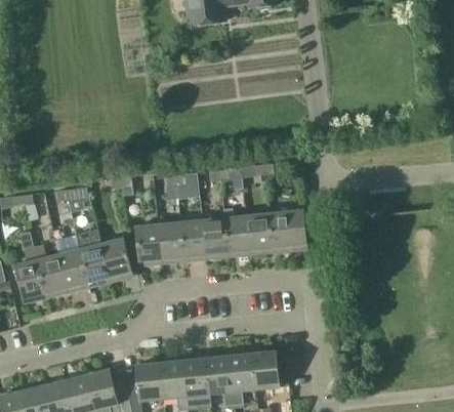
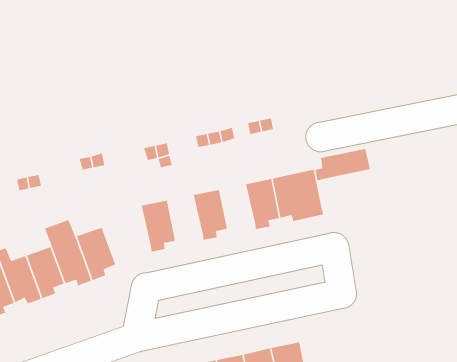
building: none -> [314,148,371,181]
building: [222,209,249,255] -> none
building: [179,219,205,260] -> none
building: [134,223,161,264] -> none

